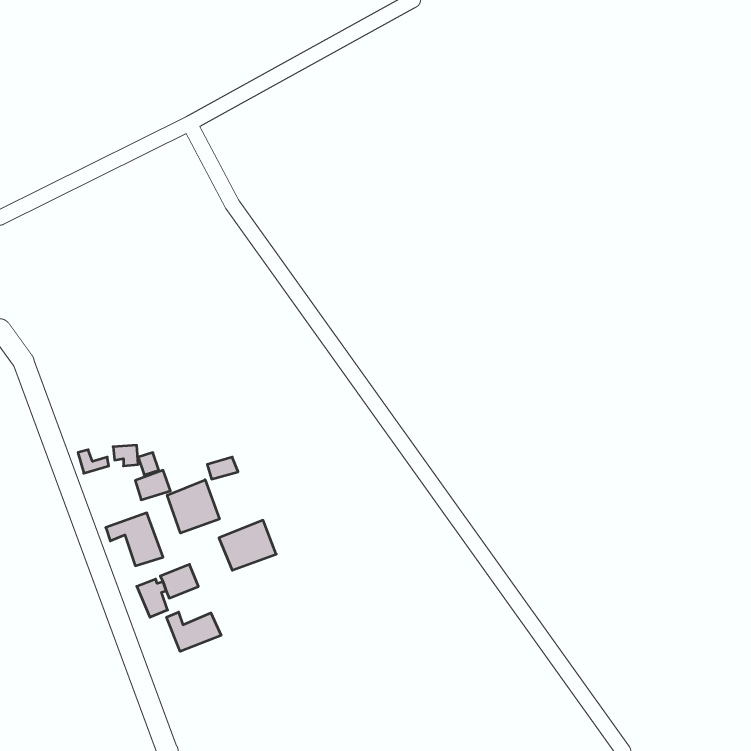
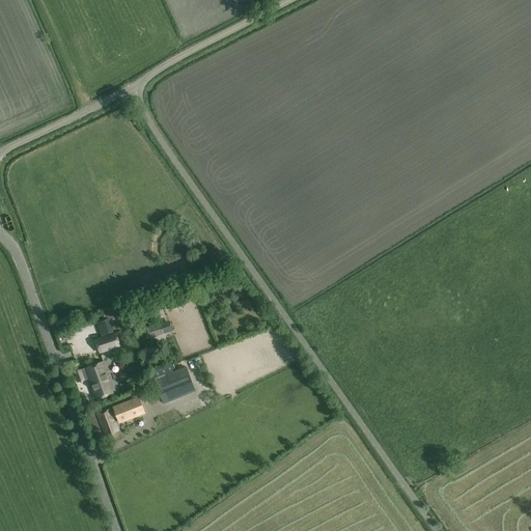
building: [167,480,219,533] -> none
building: [167,612,221,651] -> none

